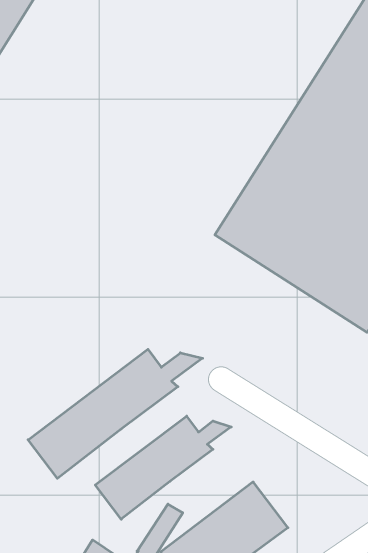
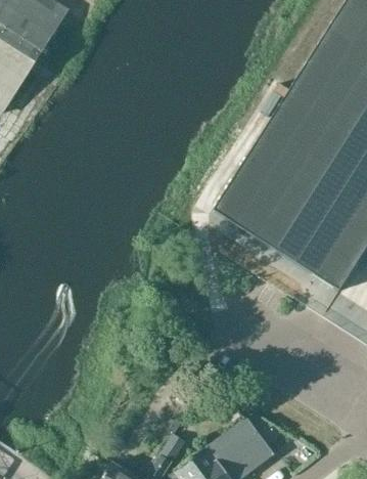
building: [28,349,203,478] -> none
building: [95,416,231,519] -> none

